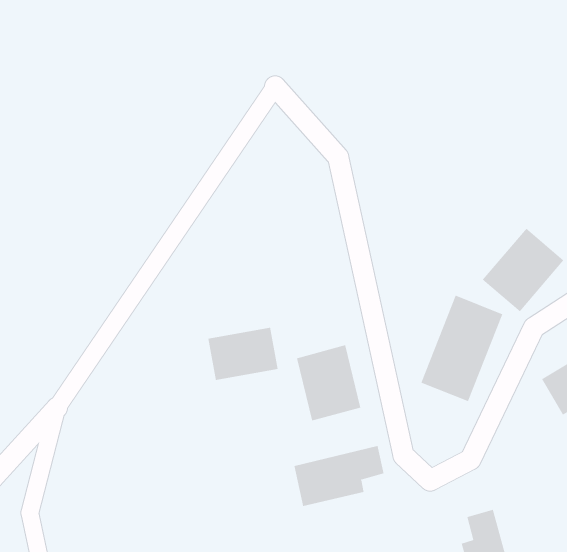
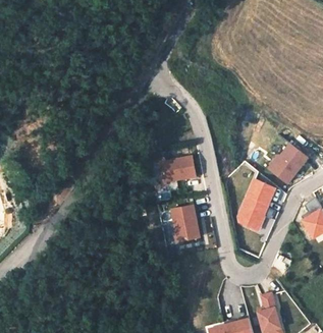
building: [208,327,279,381] -> [156,156,194,184]
building: [294,445,384,507] -> none

